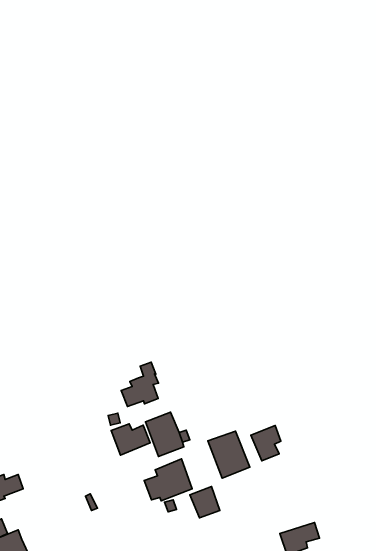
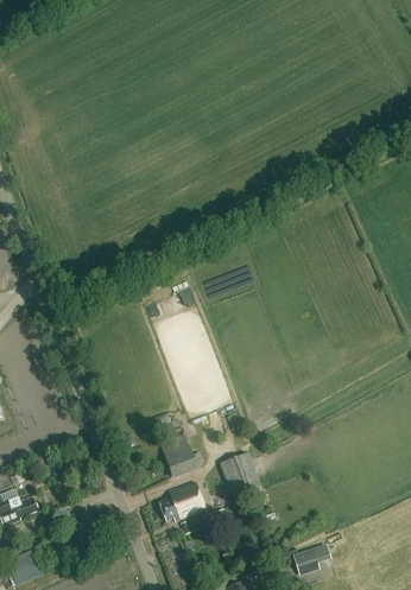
building: [121,362,158,407] -> none
building: [111,424,150,455] -> none
building: [251,426,281,461] -> none

